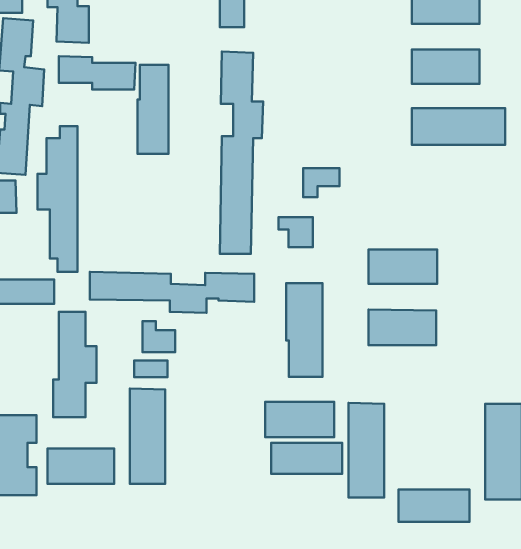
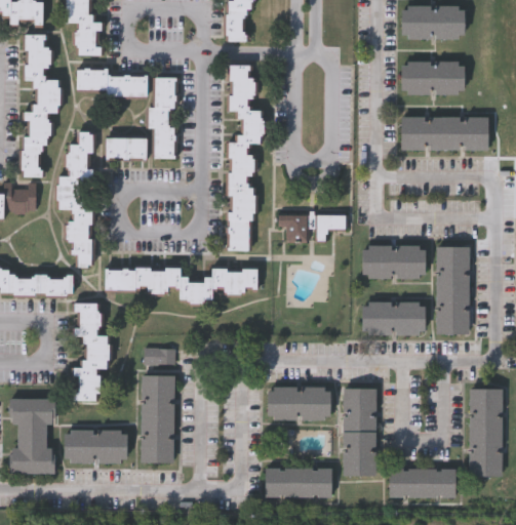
building: none -> [106,137,146,161]
building: [303,168,340,197] -> [316,216,350,243]
building: none -> [437,246,469,334]
building: [286,283,323,377] -> none
building: [143,321,175,352] -> none
building: [271,443,342,474] -> [266,468,331,496]

